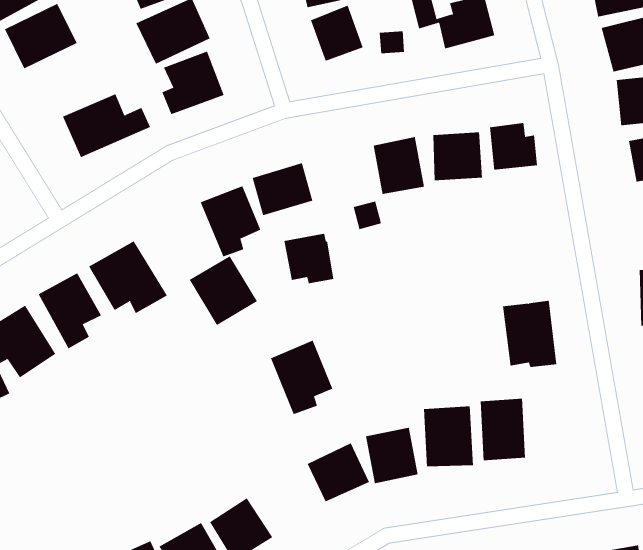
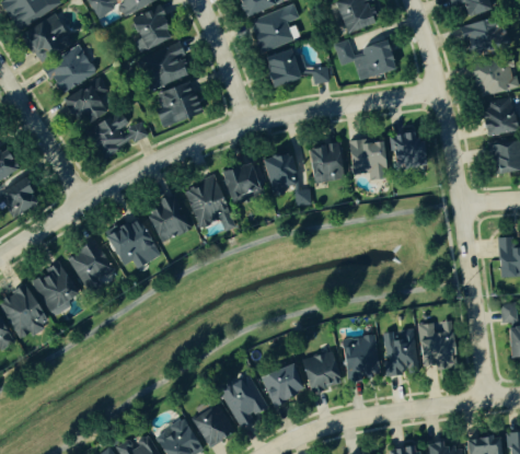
building: none -> [65,88,106,121]
building: [284,233,334,284] -> [263,152,299,188]
building: [189,255,258,326] -> [143,194,193,244]
building: [502,300,557,368] -> [417,319,457,368]
building: [270,340,333,415] -> [221,373,266,427]

